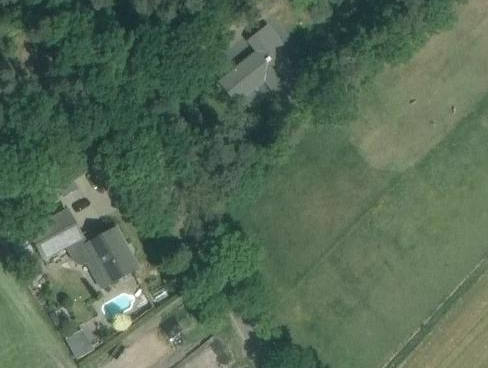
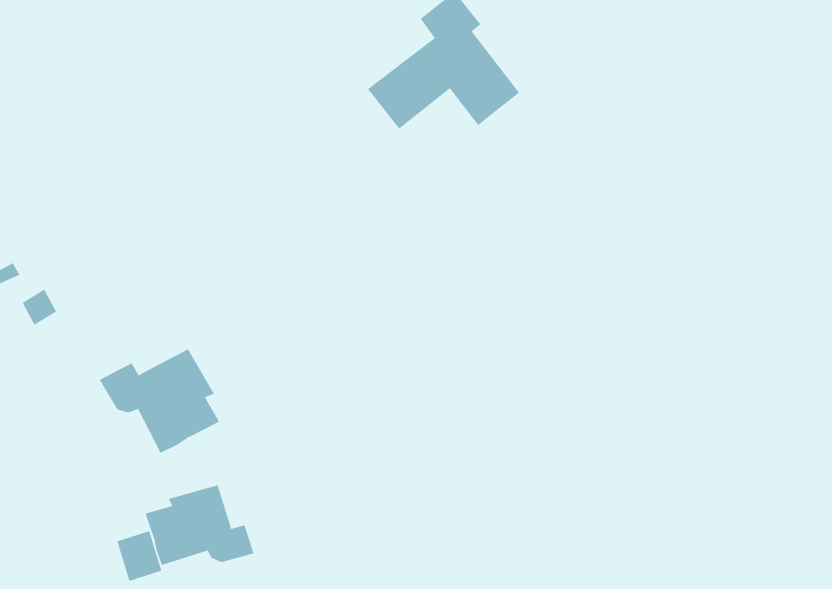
building: [28,209,82,257] -> none
building: none -> [145,485,254,566]

